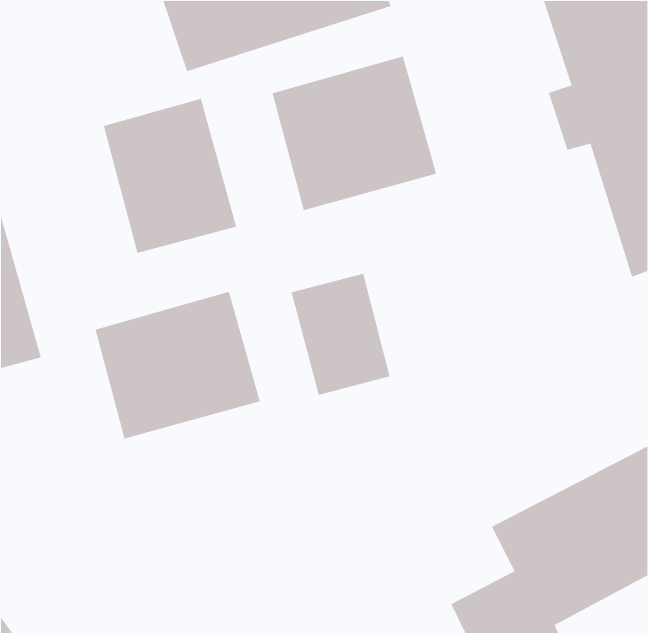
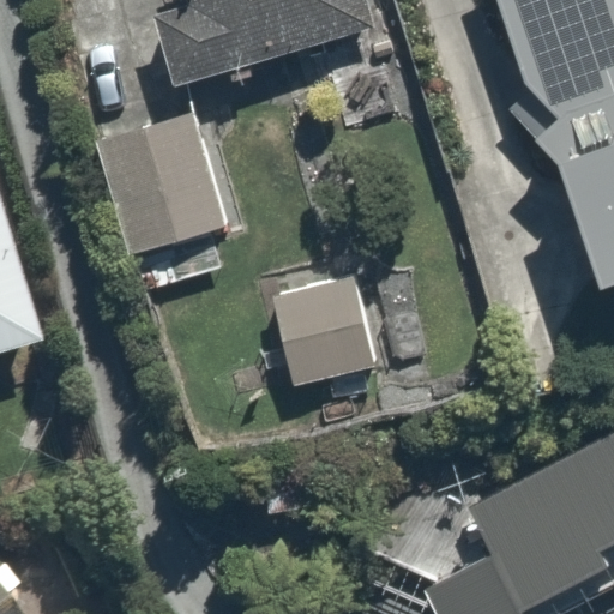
building: [271,56,437,211] -> none
building: [94,291,261,440] -> none

